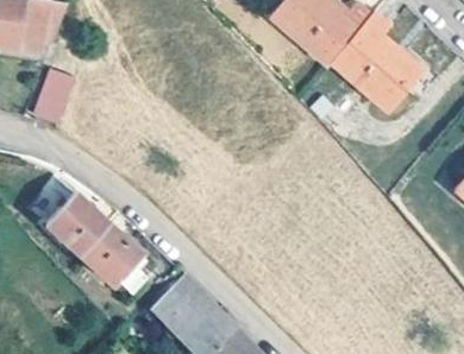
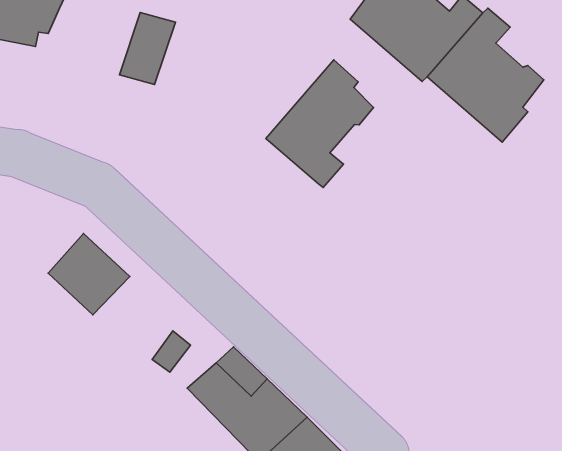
building: none -> [266,60,373,187]
building: [32,62,74,115] -> [119,12,175,84]
building: [80,220,142,280] -> none

